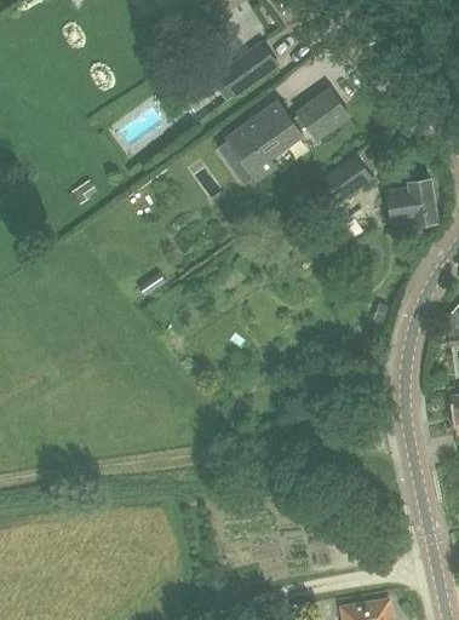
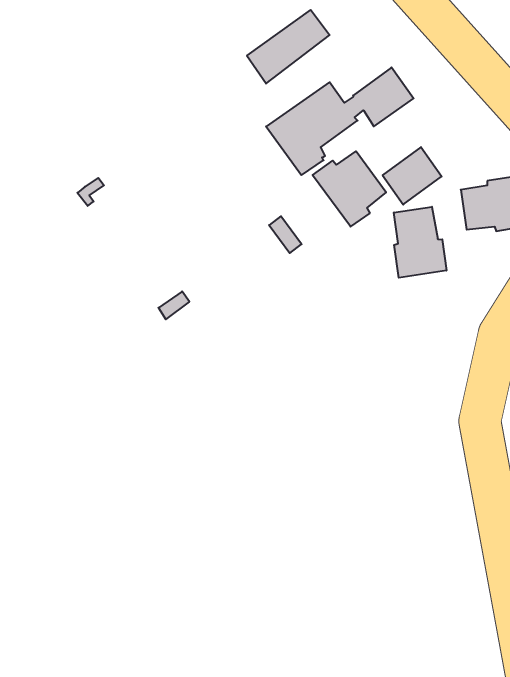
building: none -> [313,151,386,227]
building: none -> [394,207,446,278]

